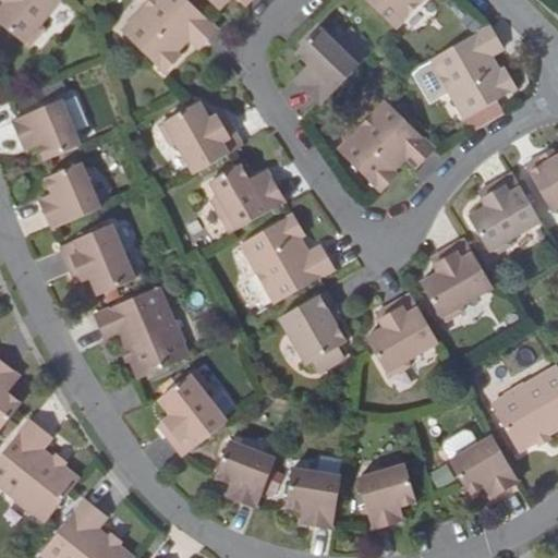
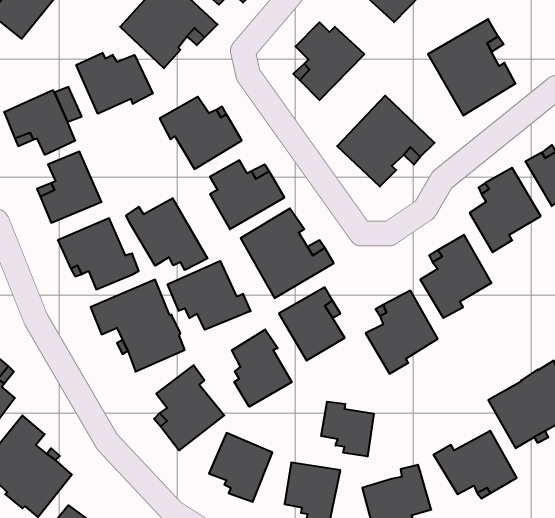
building: none -> [76,53,153,114]
building: none -> [126,198,208,270]
building: none -> [168,261,251,330]
building: none -> [232,329,292,407]
building: none -> [321,402,374,457]

